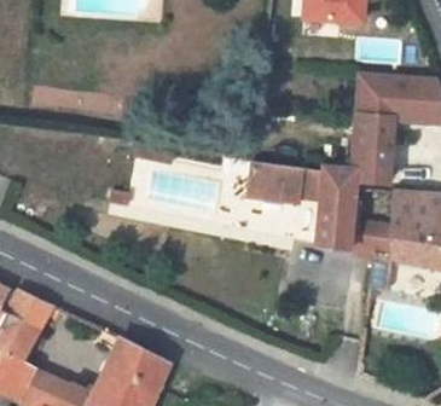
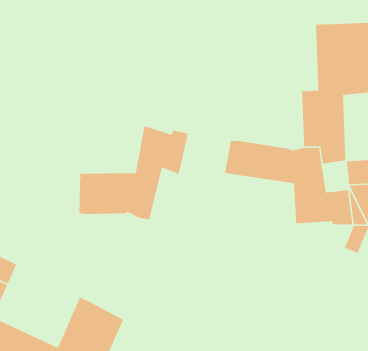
building: none -> [78,125,189,220]

